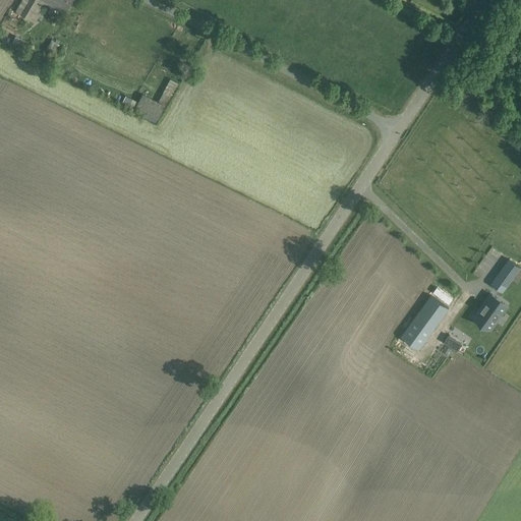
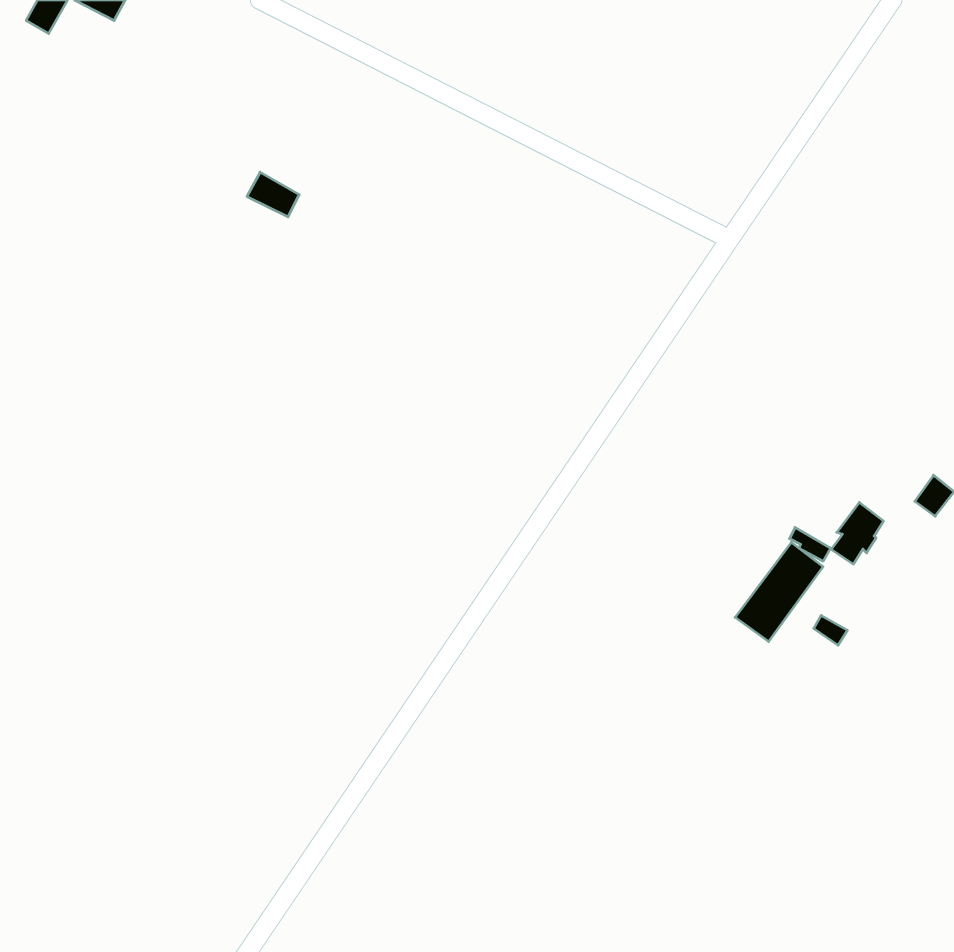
building: [476,296,505,330] -> [831,502,883,564]

